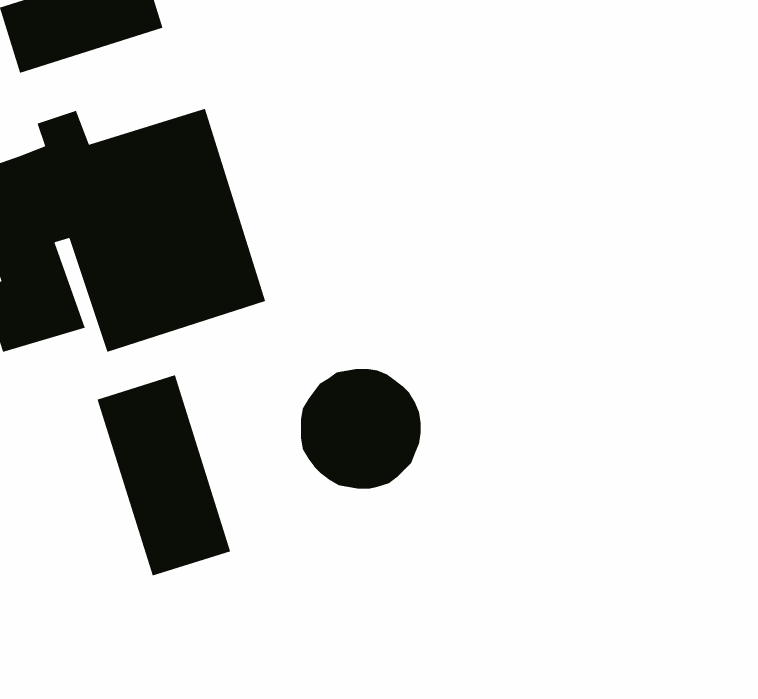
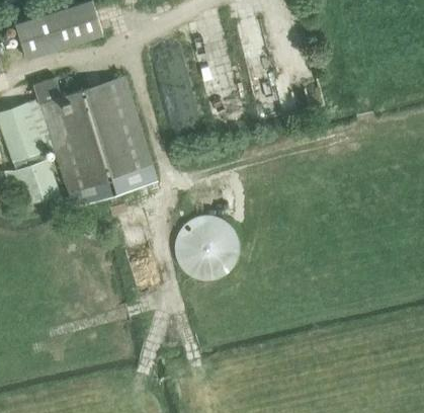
building: [97,374,231,577] -> none

